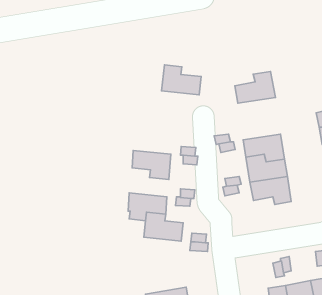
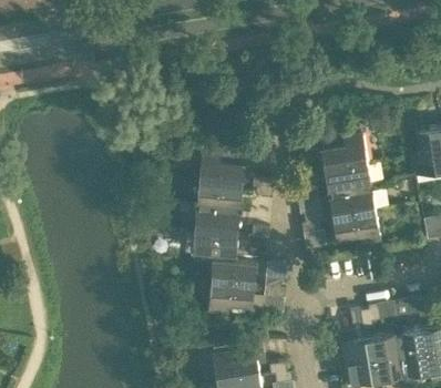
building: [162,65,201,95] -> [197,155,243,190]
building: [235,71,275,103] -> [320,136,367,173]
building: none -> [193,205,238,238]
building: none -> [207,285,253,316]

